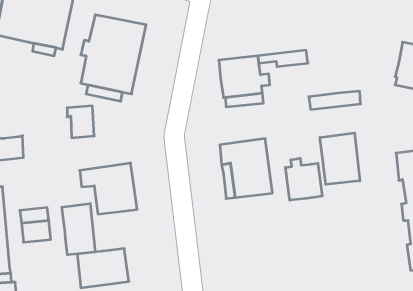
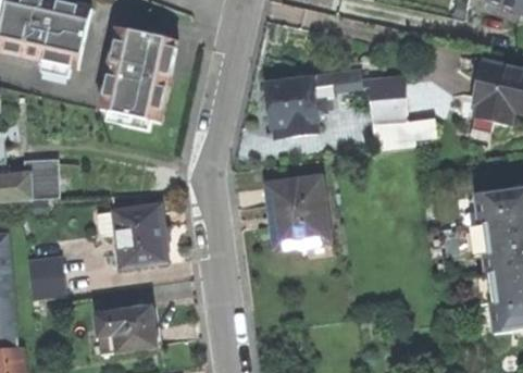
building: none -> [371,80,408,124]
building: [67,106,94,138] -> [26,159,59,197]
building: [320,133,360,184] -> none
building: [285,158,322,200] -> none
building: [62,203,95,255] -> none

